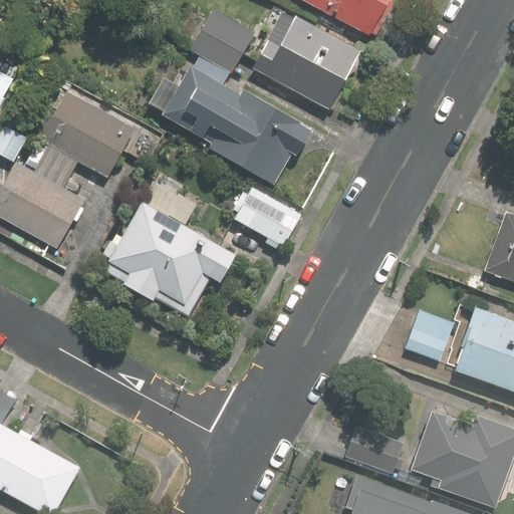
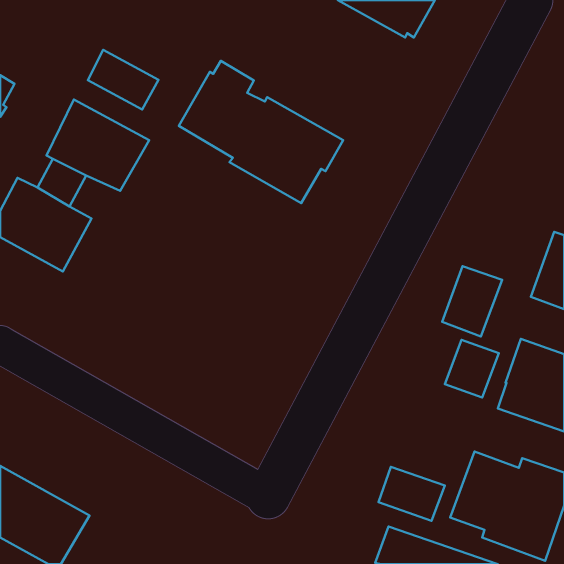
building: [191,6,256,71] -> none
building: [251,11,360,109] -> none
building: none -> [88,50,158,109]
building: [231,185,299,245] -> none
building: [103,200,234,316] -> none
building: none -> [442,266,502,336]

